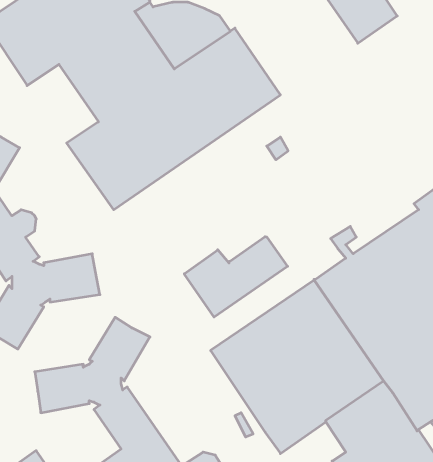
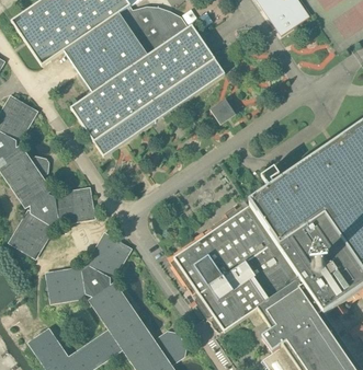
building: [184,237,288,317] -> none

